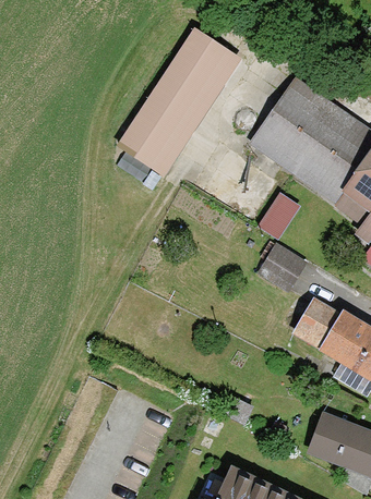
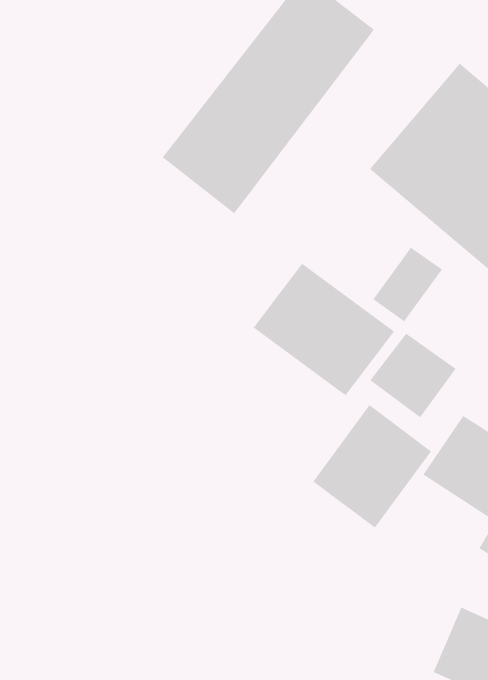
building: none -> [253,263,395,396]
building: none -> [312,404,432,529]

